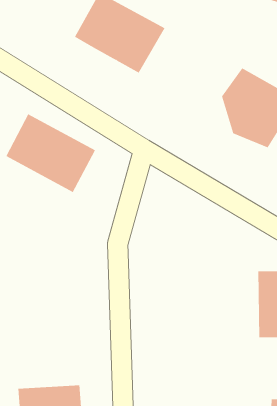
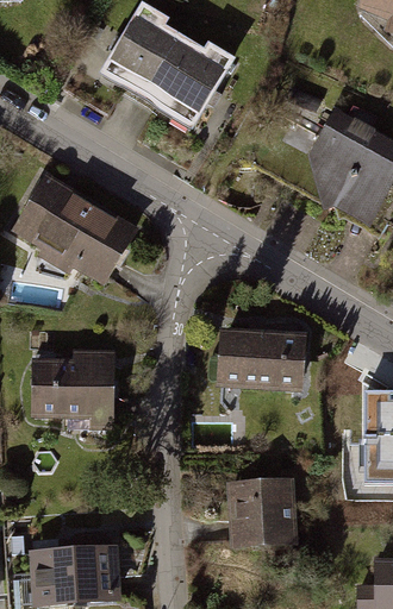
building: none -> [219,333,307,394]
building: none -> [35,360,116,421]
building: none -> [229,477,298,545]

